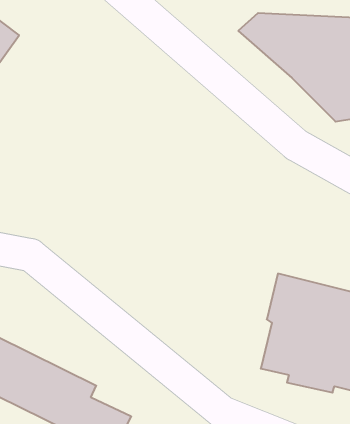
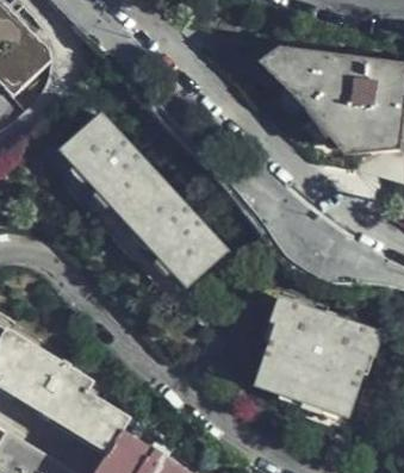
building: none -> [60,114,224,287]

